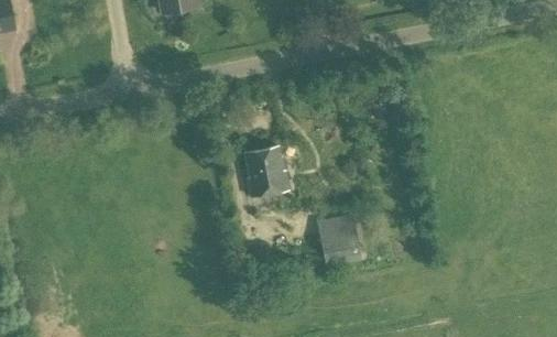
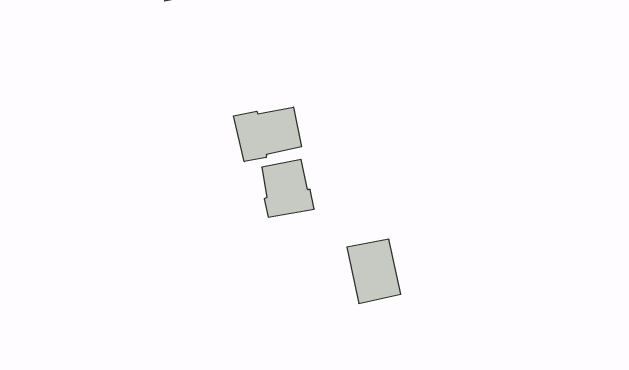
building: none -> [234,107,302,162]

